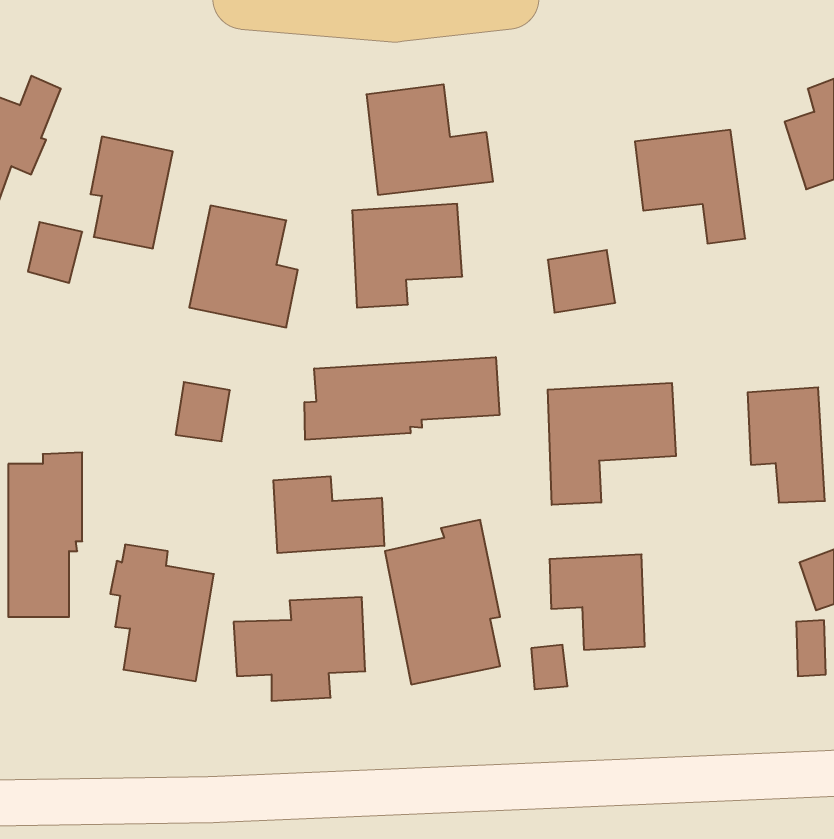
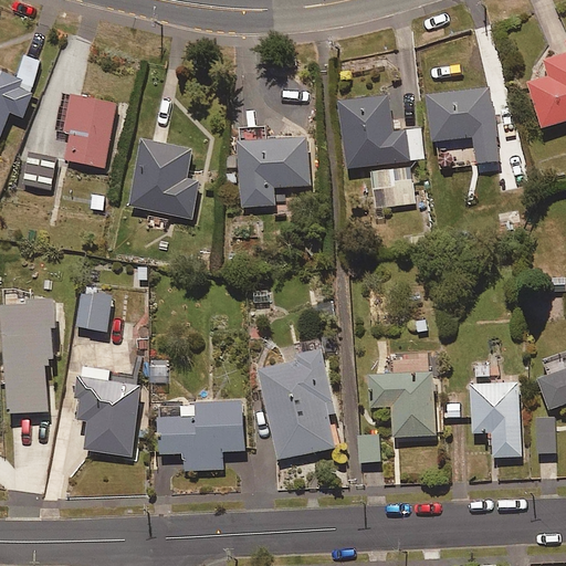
building: [366,84,493,195] -> [338,94,423,168]
building: [305,357,499,440] -> none
building: [176,382,230,441] -> [75,294,112,334]
building: [548,383,676,505] -> none
building: [748,387,825,503] -> [471,381,523,459]
building: [273,476,384,553] -> none

